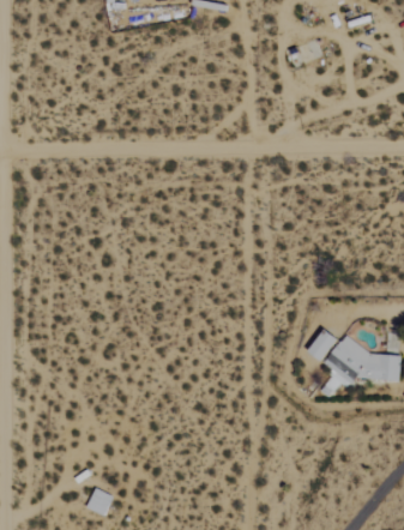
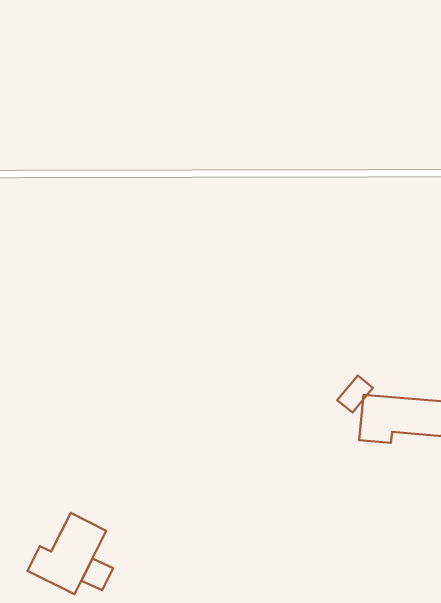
building: none -> [27,513,106,594]

